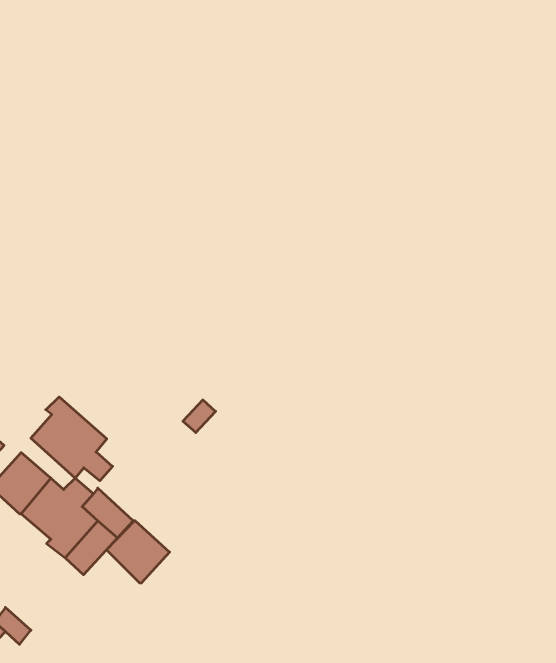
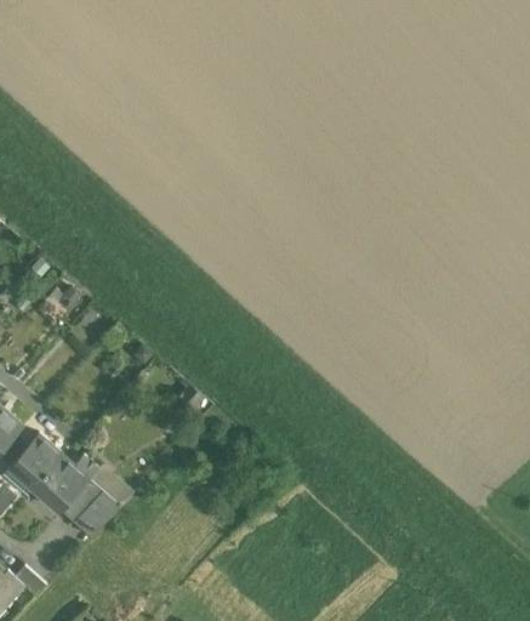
building: [31,397,113,481] -> none
building: [107,521,170,583] -> none

